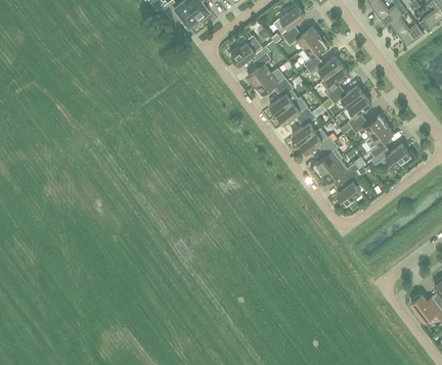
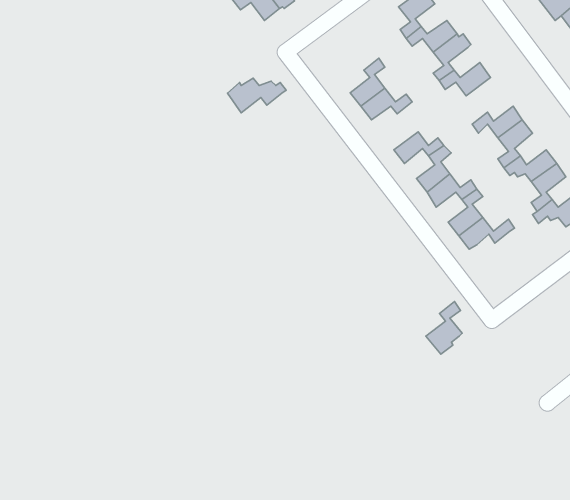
building: [229,43,269,66] -> [228,78,286,113]
building: [319,66,349,98] -> none
building: [269,83,297,116] -> none
building: [336,171,360,207] -> [426,302,462,354]

